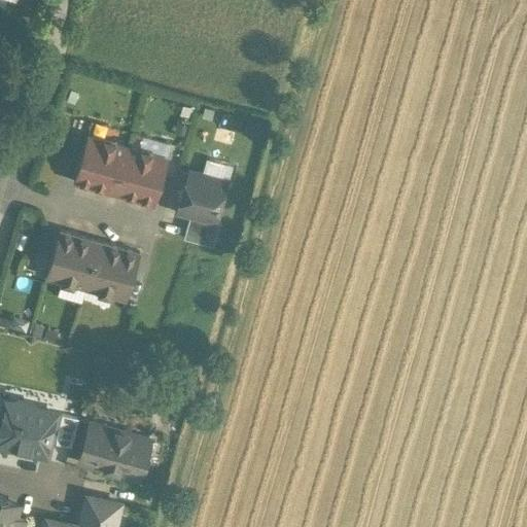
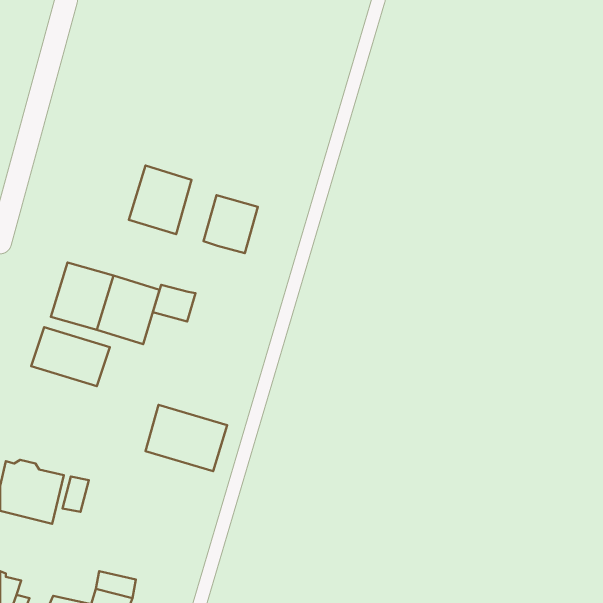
building: [73,134,128,192] -> none
building: [183,215,220,247] -> [153,285,195,322]
building: none -> [31,327,110,386]
building: [79,422,150,480] -> [146,405,227,471]

